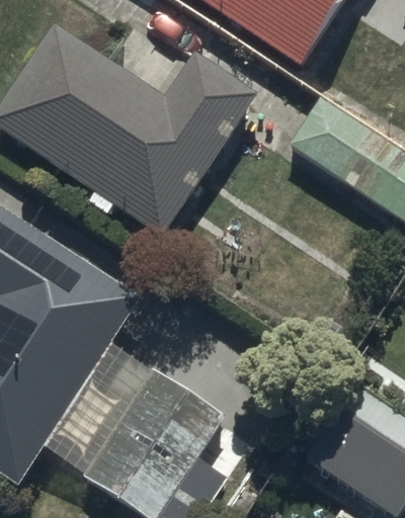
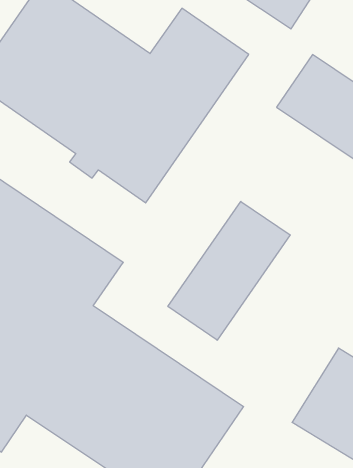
building: none -> [168,201,290,340]

